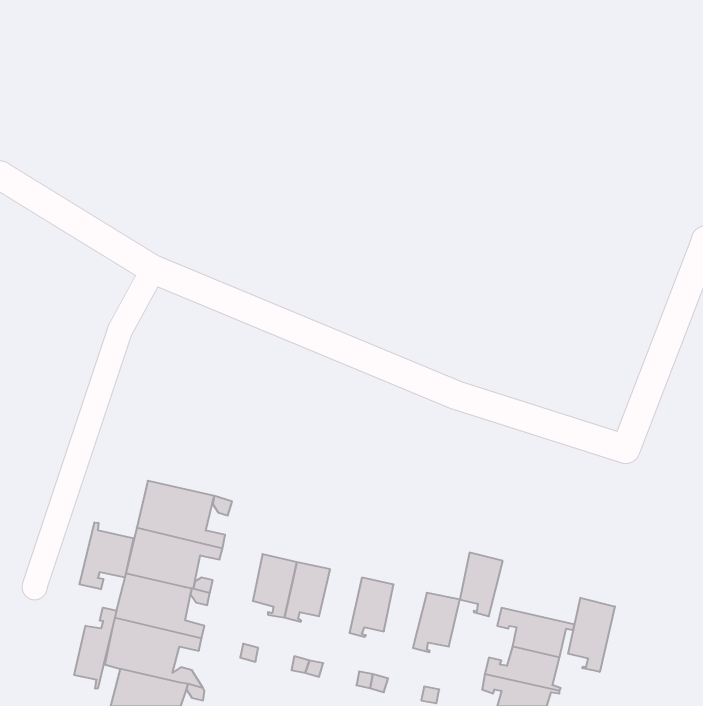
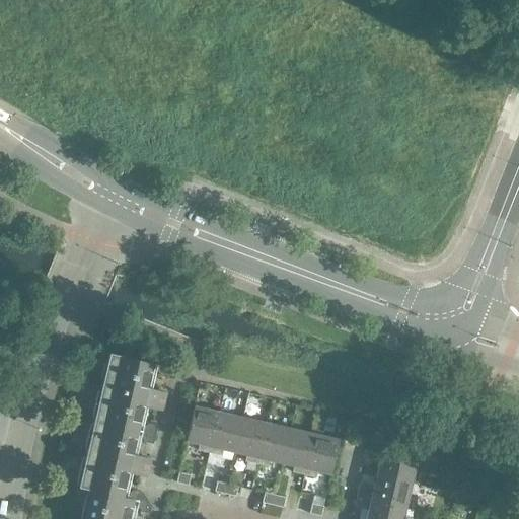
building: [79,522,133,589] -> none
building: [460,553,503,616] -> [284,429,315,475]
building: none -> [236,418,268,464]
building: [568,598,615,672] -> none
building: [74,608,116,689] -> none

